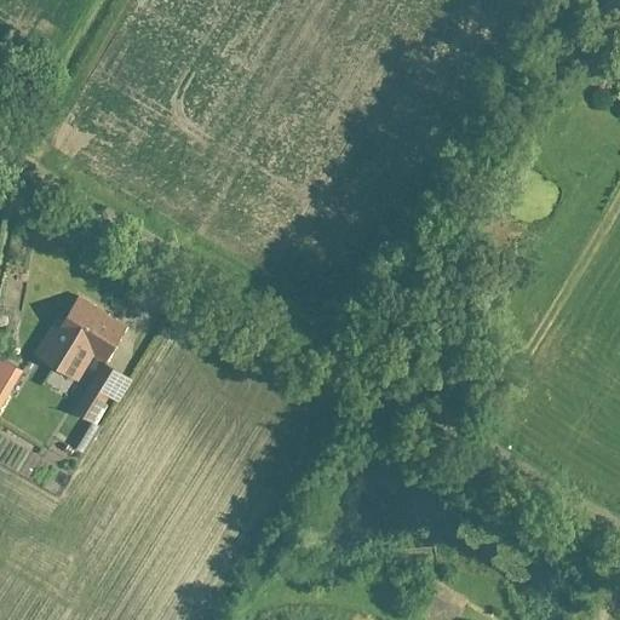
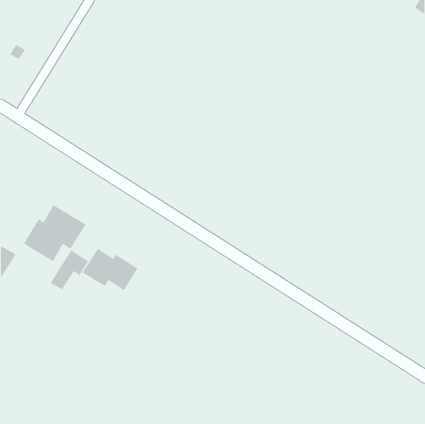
building: none -> [82,248,138,291]

